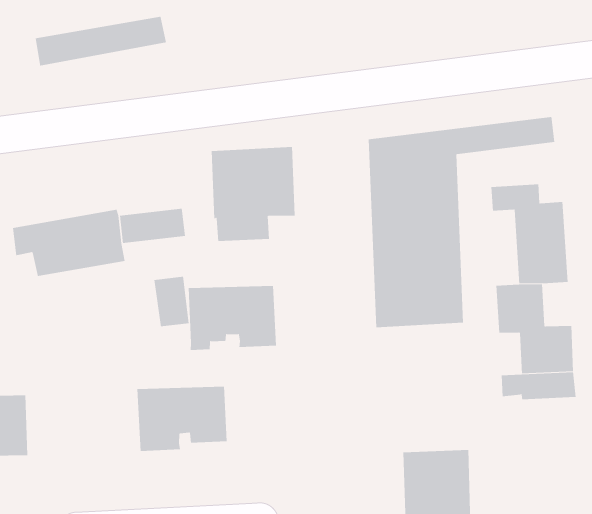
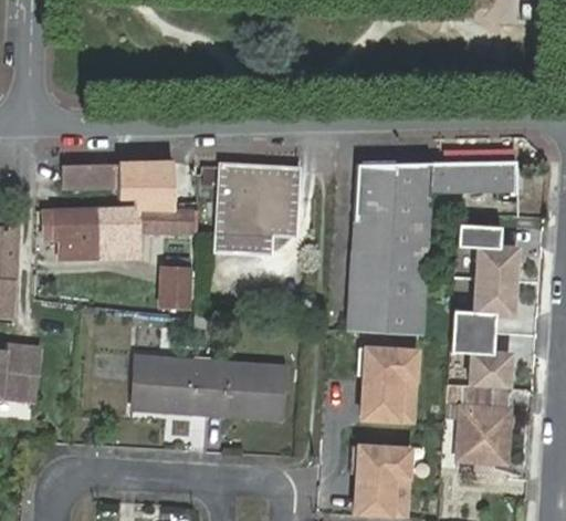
building: [35,16,167,66] -> [61,161,174,192]
building: [188,286,277,351] -> [207,365,285,424]
building: none -> [357,342,421,424]
building: none -> [461,406,512,462]

